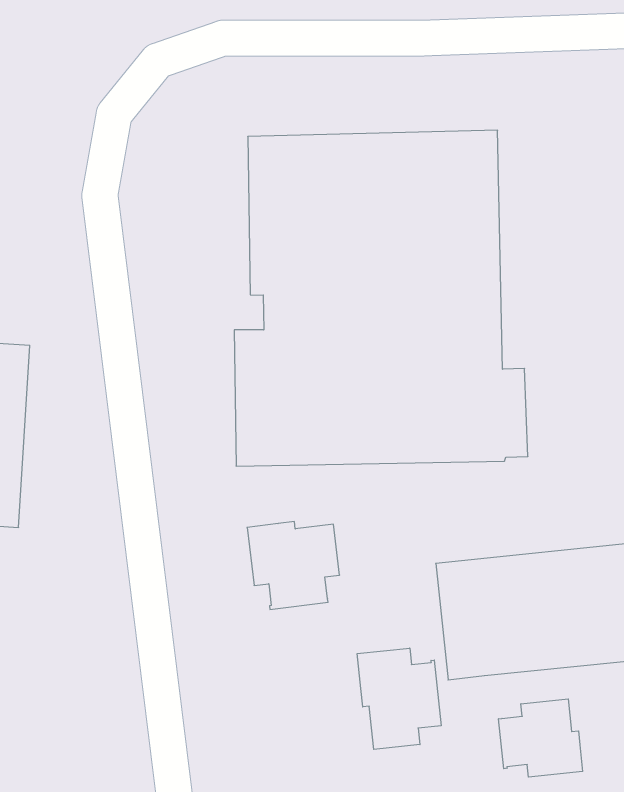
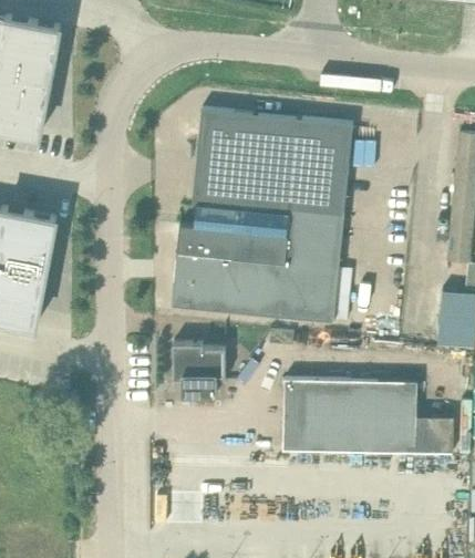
building: [357,648,441,749] -> none
building: [499,699,583,777] -> none

